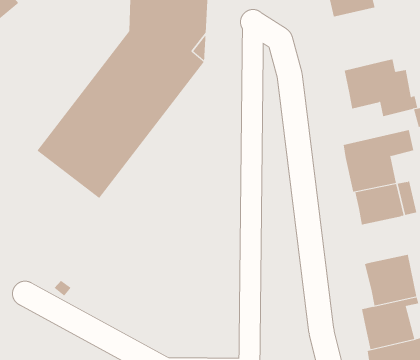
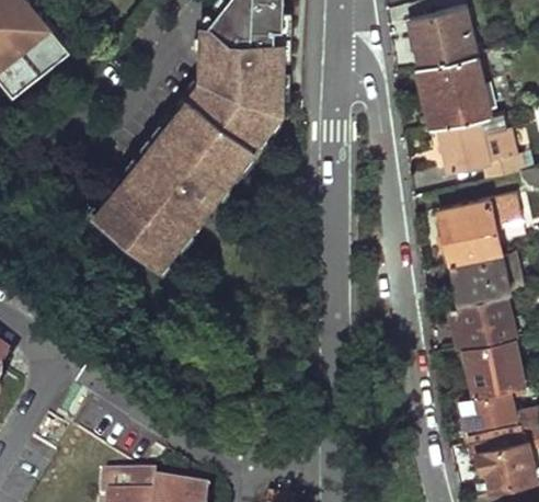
building: none -> [418,55,490,127]
building: none -> [449,293,514,345]

